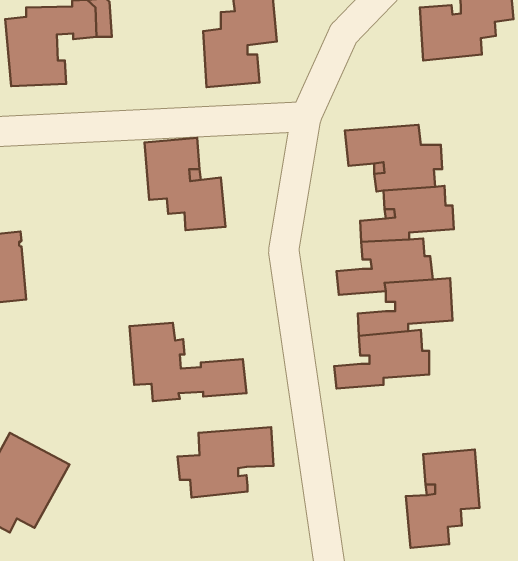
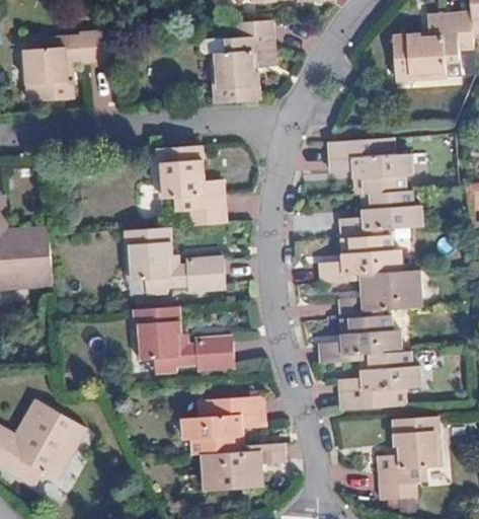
building: none -> [125,228,225,294]
building: none -> [339,350,420,410]
building: none -> [203,443,286,495]

